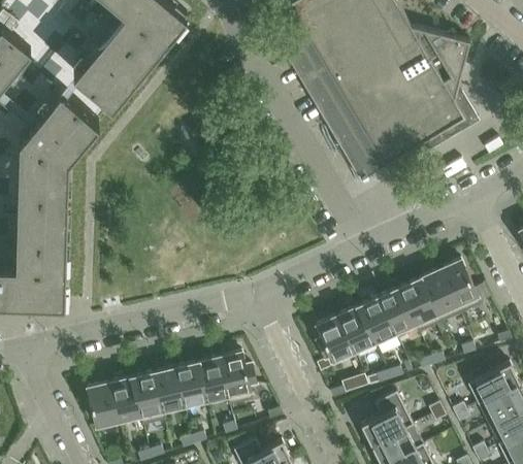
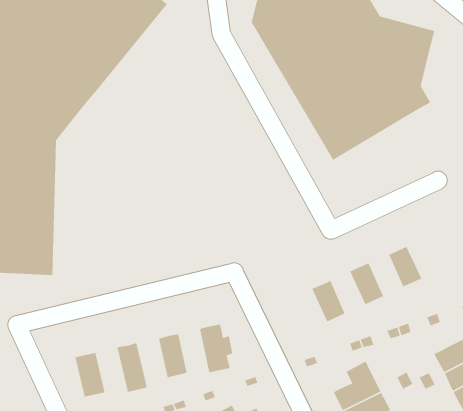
building: [439,261,478,306] -> none
building: [399,280,435,325] -> none
building: [359,298,397,347] -> none
building: [317,317,357,367] -> none
building: [198,359,229,406] -> none
building: [154,369,185,411] -> none
building: [110,378,142,427] -> none

